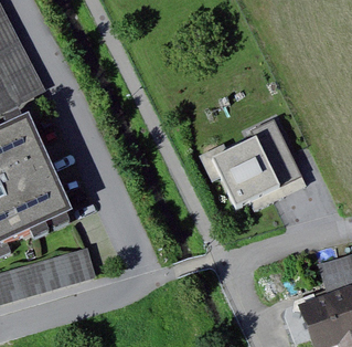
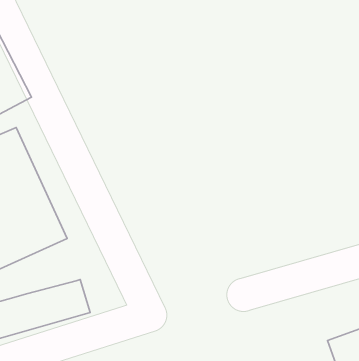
building: [210,132,297,210] -> none

